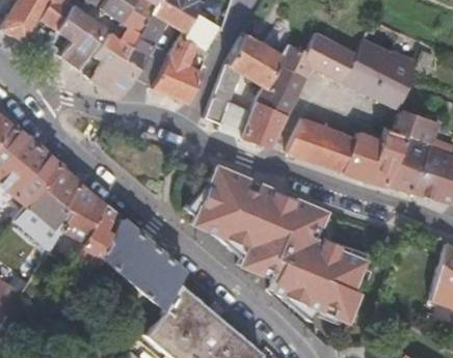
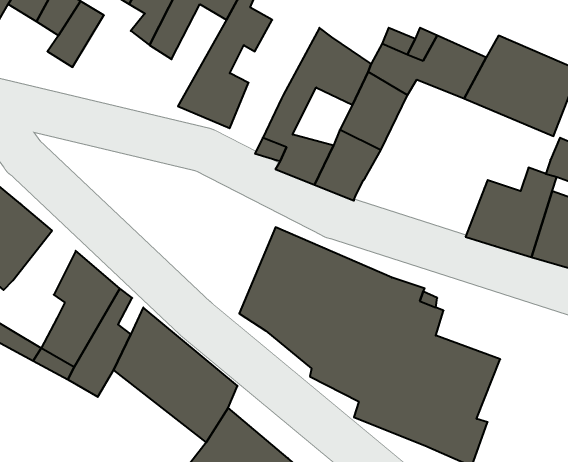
building: [92,32,149,95] -> none
building: [287,121,355,173] -> none
building: [44,169,85,227] -> none

